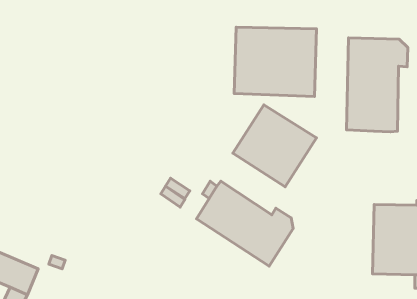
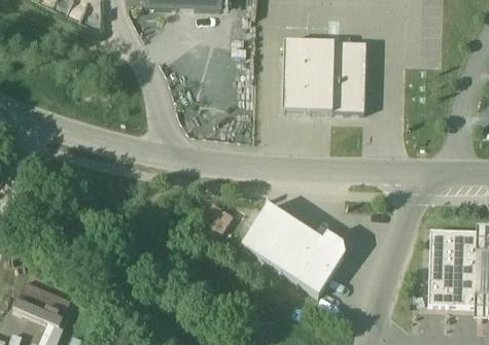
building: [347,38,408,132] -> none
building: [233,105,317,187] -> none

